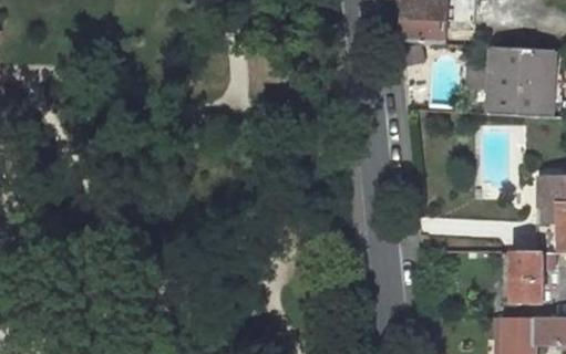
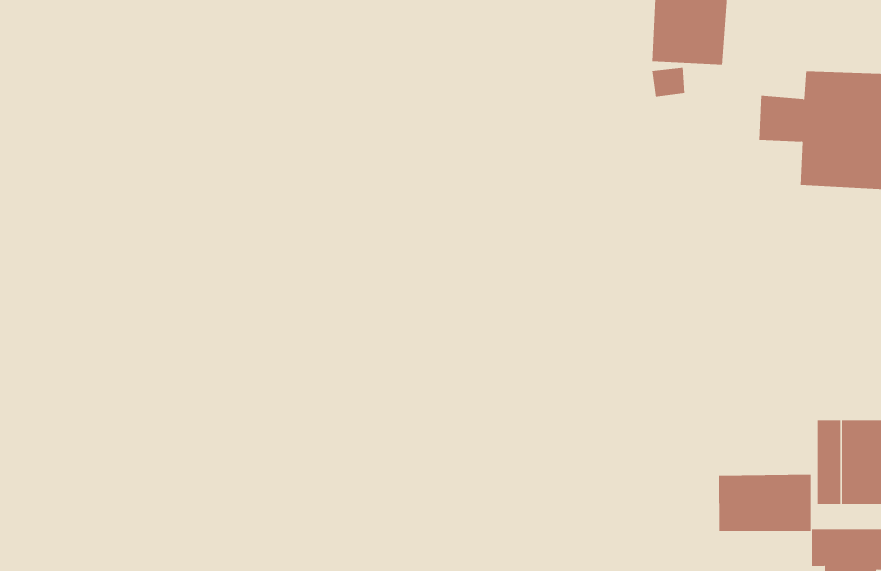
building: none -> [719,474,811,532]

